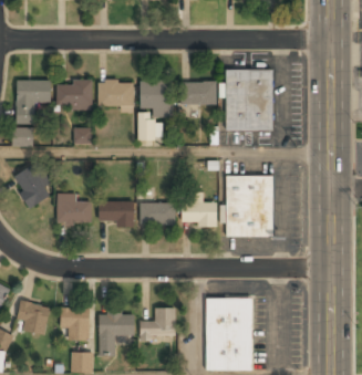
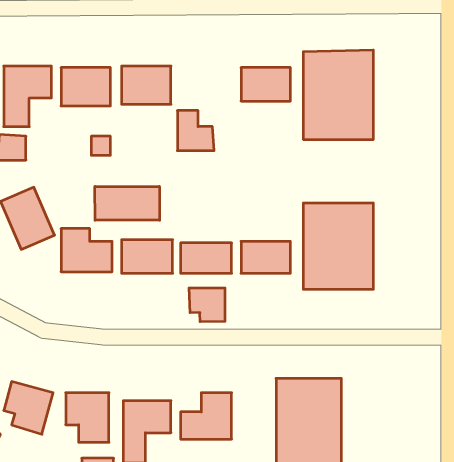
building: [139,81,172,115] -> none
building: none -> [95,186,160,220]
building: none -> [189,288,225,322]

